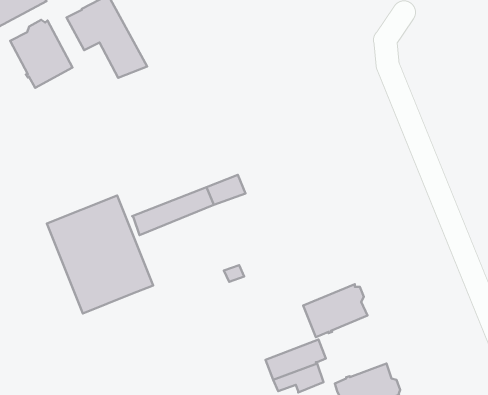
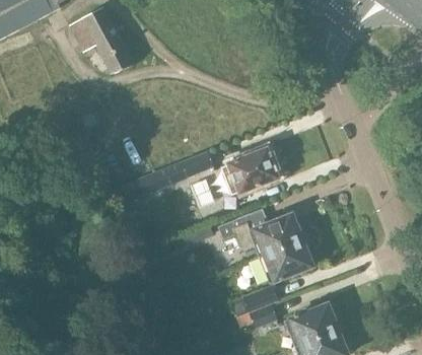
building: [10,20,73,88] -> none
building: none -> [223,149,279,195]
building: [47,196,153,313] -> none
building: none -> [218,208,303,258]

